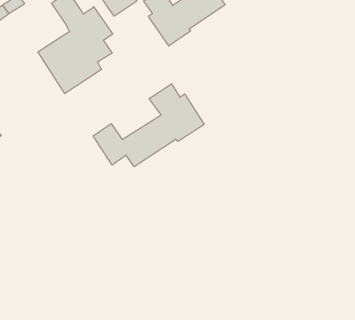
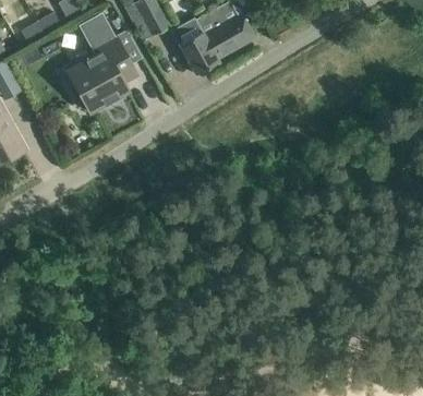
building: [93,84,204,167] -> none

